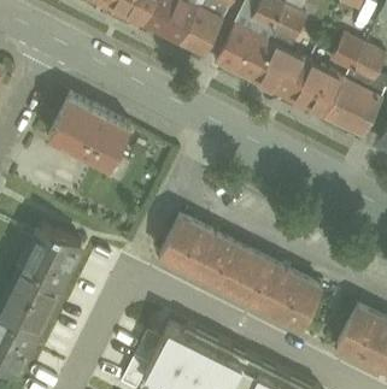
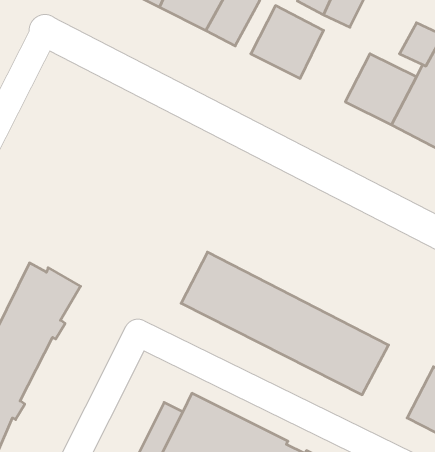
building: [253,46,307,101] -> none
building: [49,96,130,167] -> none

